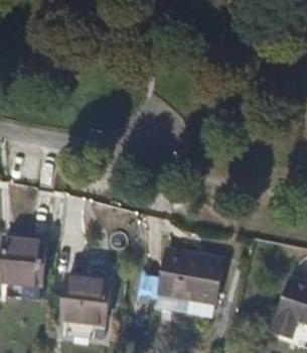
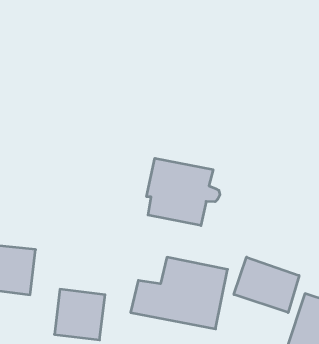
building: none -> [147,158,220,226]
building: none -> [234,257,299,313]

